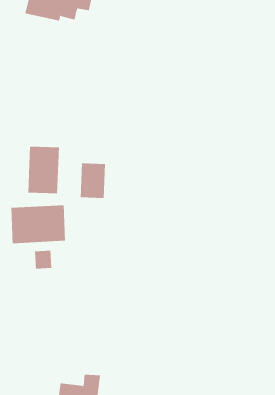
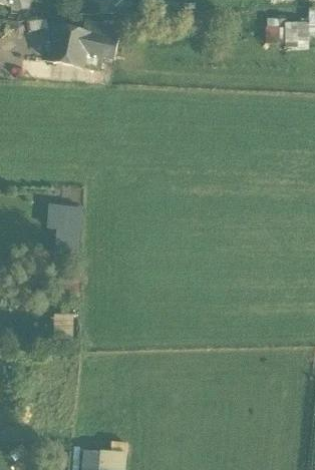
building: [80,162,106,199] -> none
building: [11,204,66,244] -> none

